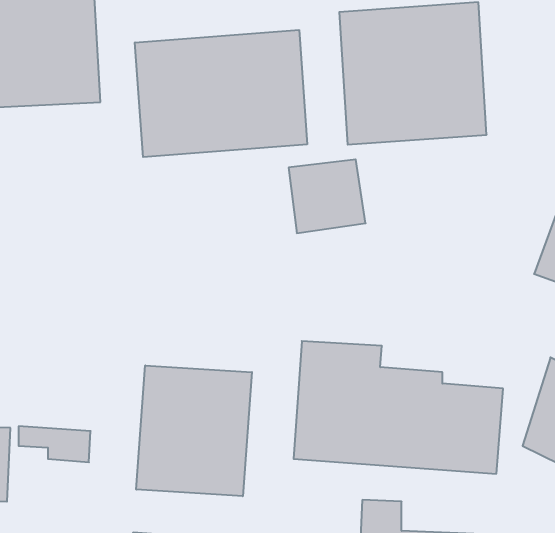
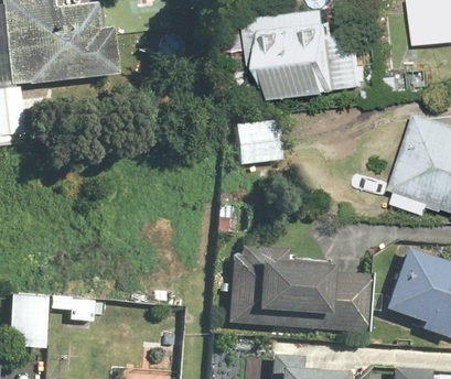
building: [135,30,307,157] -> none
building: [136,365,252,496] -> none

